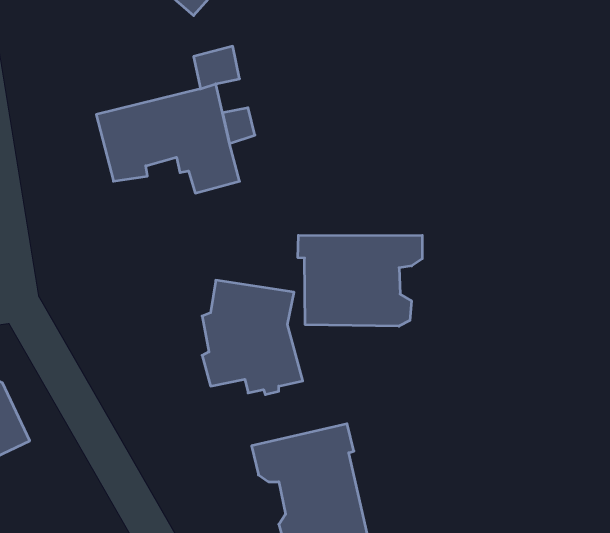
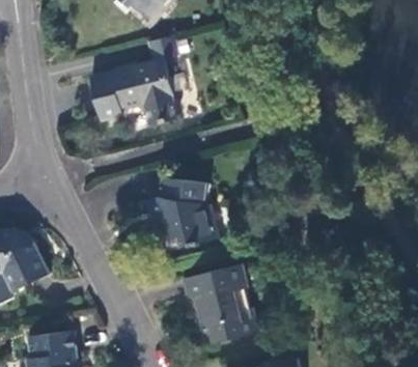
building: [298,235,422,326] -> none

